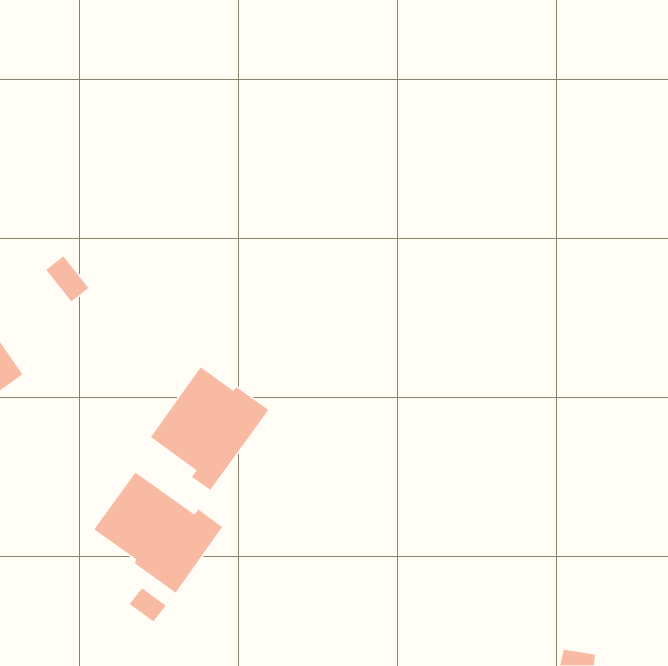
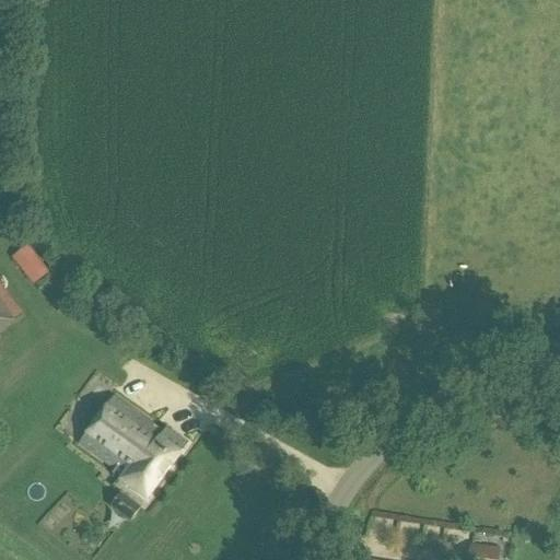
building: [45,255,90,303] -> [10,242,47,281]
building: [150,366,269,491] -> none

